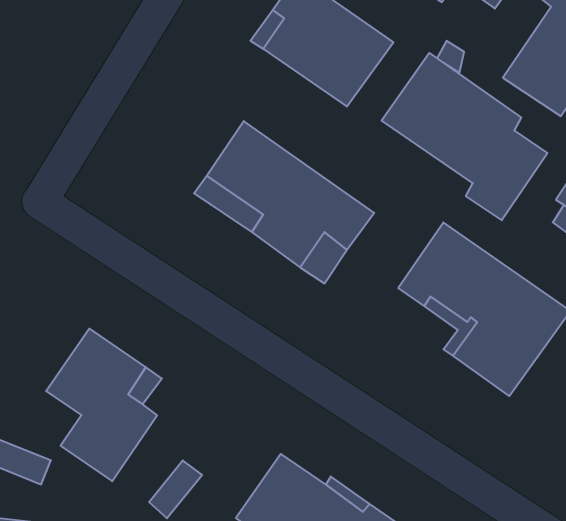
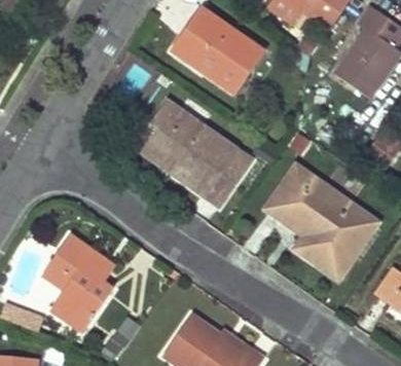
building: [382,53,547,220] -> none

